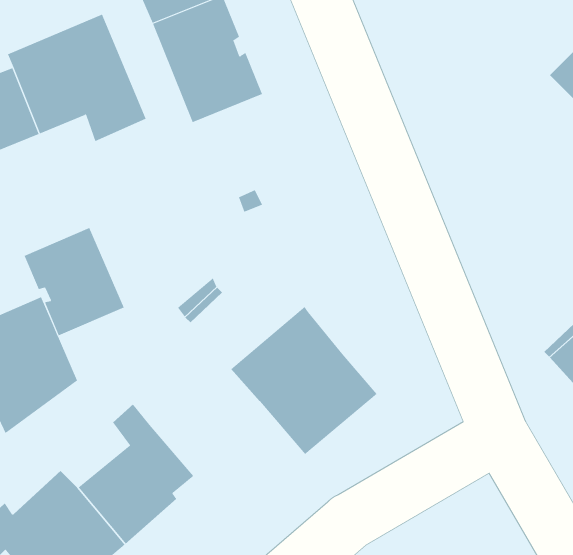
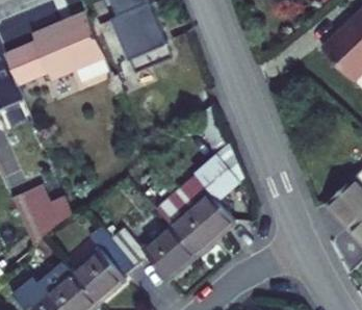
building: [24,227,124,336] -> none
building: none -> [198,157,239,199]
building: none -> [111,225,196,279]

